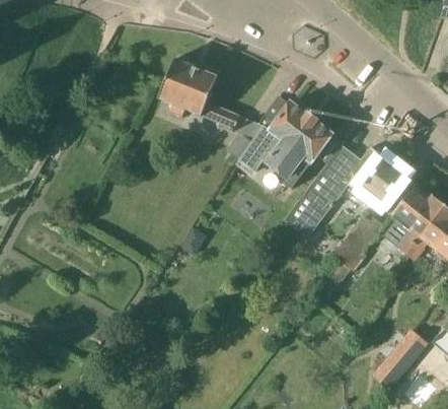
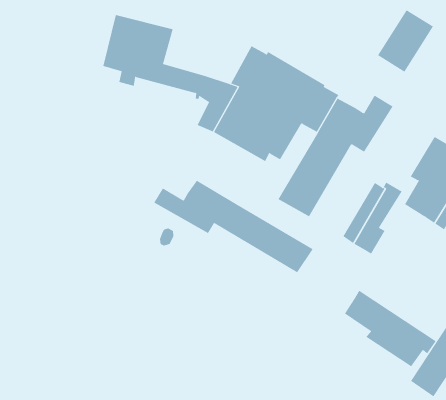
building: [358,157,405,207] -> [377,9,434,73]
building: none -> [154,180,313,273]
building: none -> [344,290,436,367]

